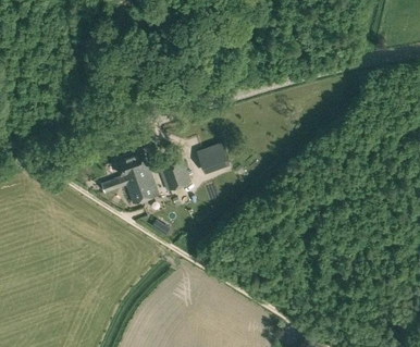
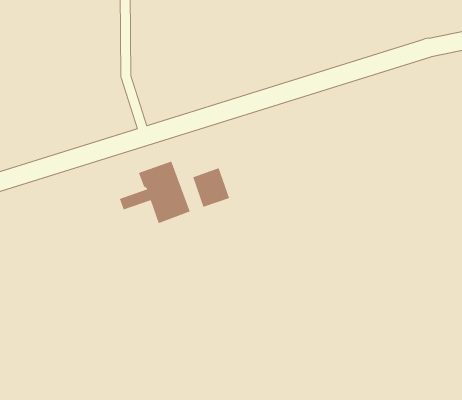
building: [197,142,230,175] -> none

